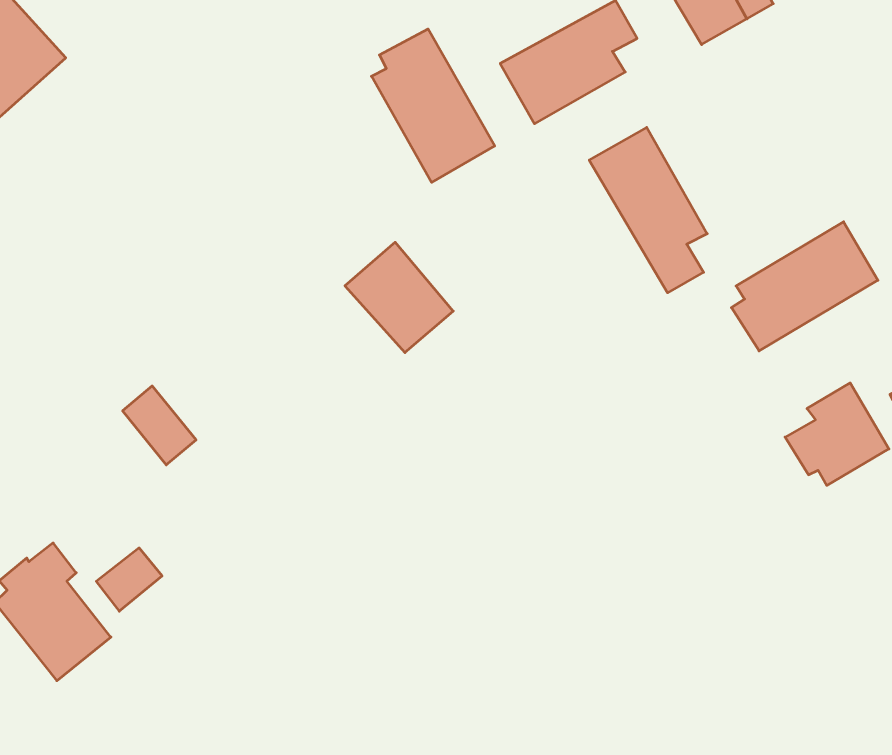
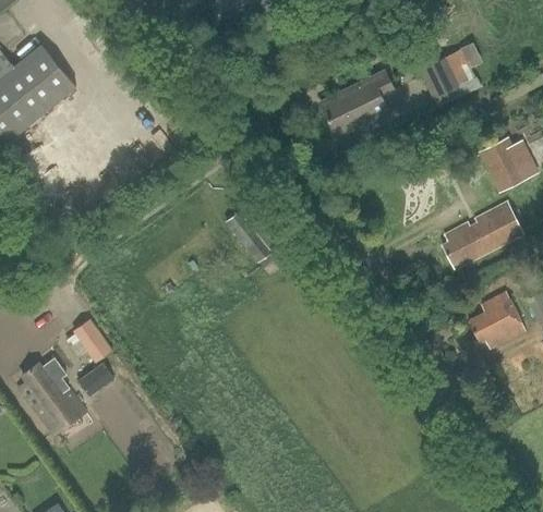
building: [371,29,495,182] -> none
building: none -> [476,137,528,194]
building: [589,127,707,293] -> none
building: [123,386,196,465] -> [72,319,112,364]

